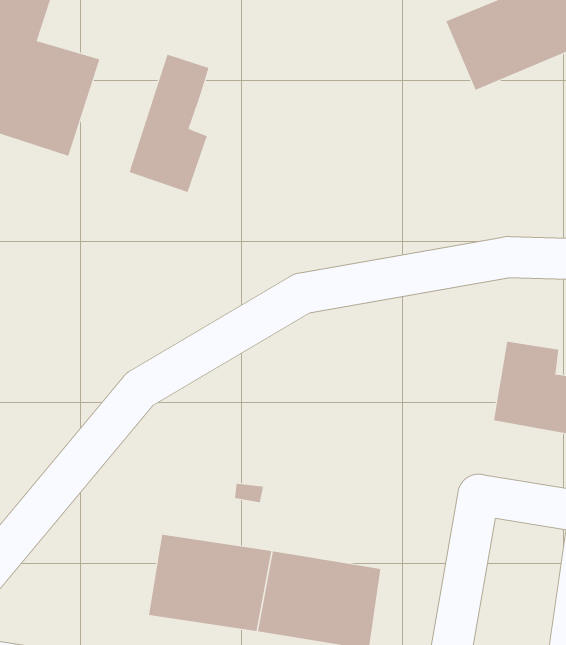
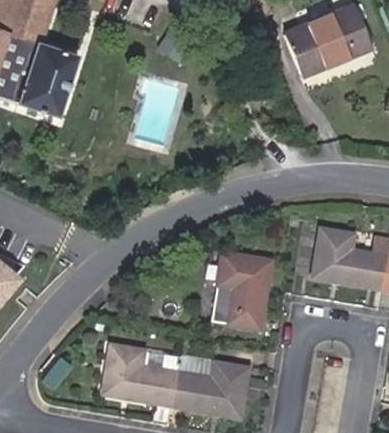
building: [129,54,209,193] -> none
building: none -> [213,253,272,328]

